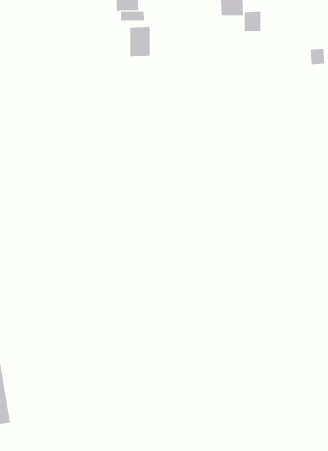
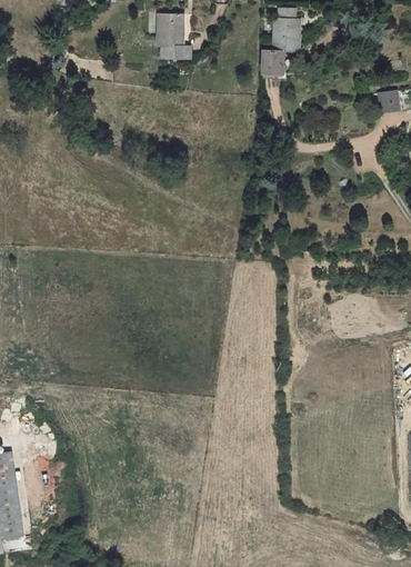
building: [244,11,261,31] -> [264,52,284,76]
building: [130,26,150,57] -> none

